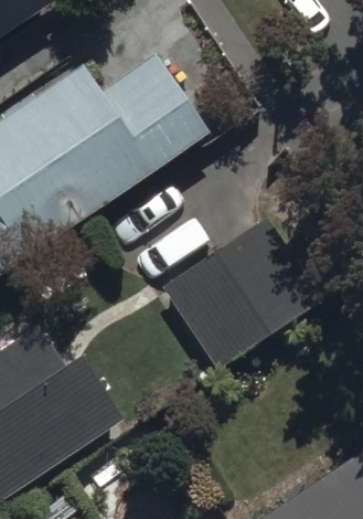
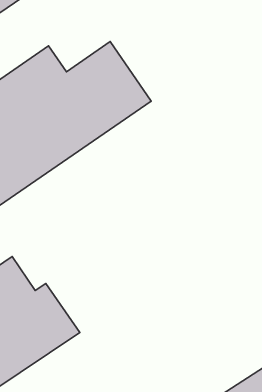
building: [170,223,328,372] -> none

